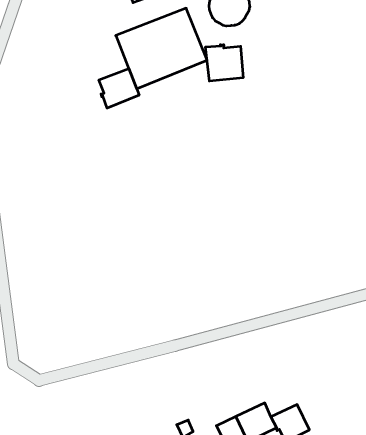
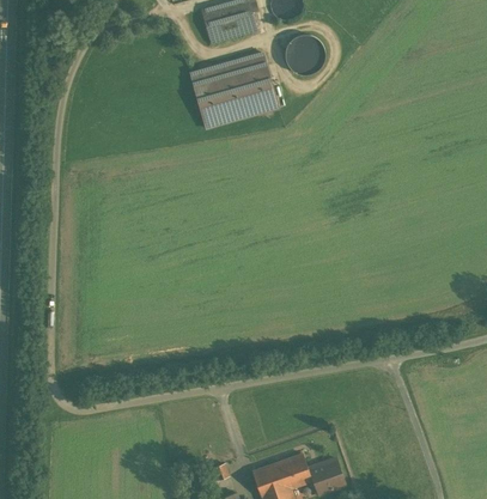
building: [206,45,243,81] -> none
building: [99,69,139,108] -> none

